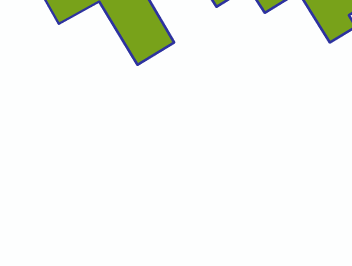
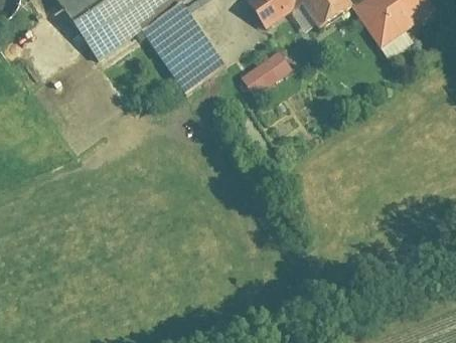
building: none -> [243,50,291,94]

